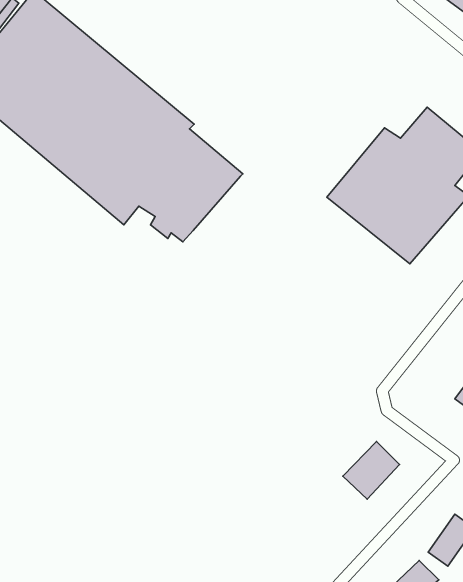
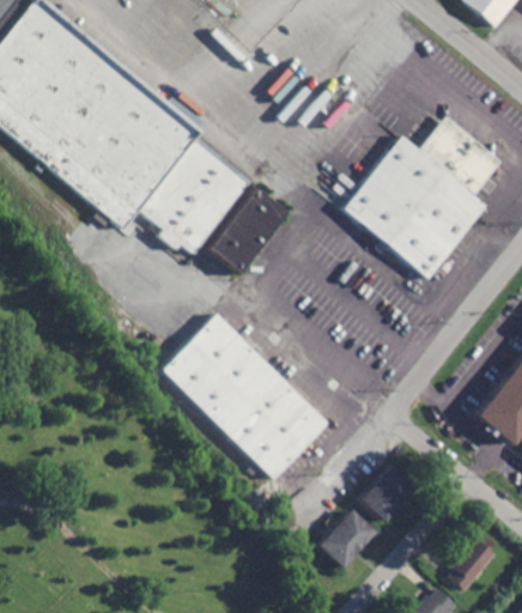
building: none -> [204,187,287,273]
building: none -> [159,314,328,480]
building: none -> [317,509,376,569]

